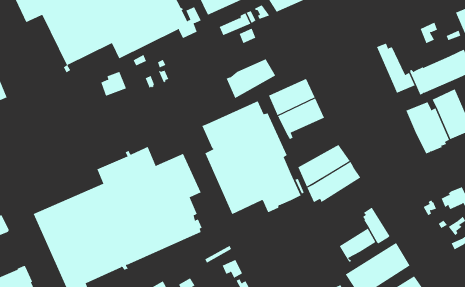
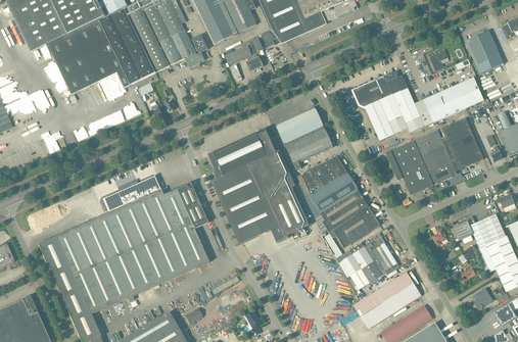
building: none -> [354,75,429,140]
building: [226,58,276,99] -> [296,155,347,196]
building: none -> [385,140,434,194]
building: none -> [333,206,380,247]
building: none -> [336,242,377,276]

